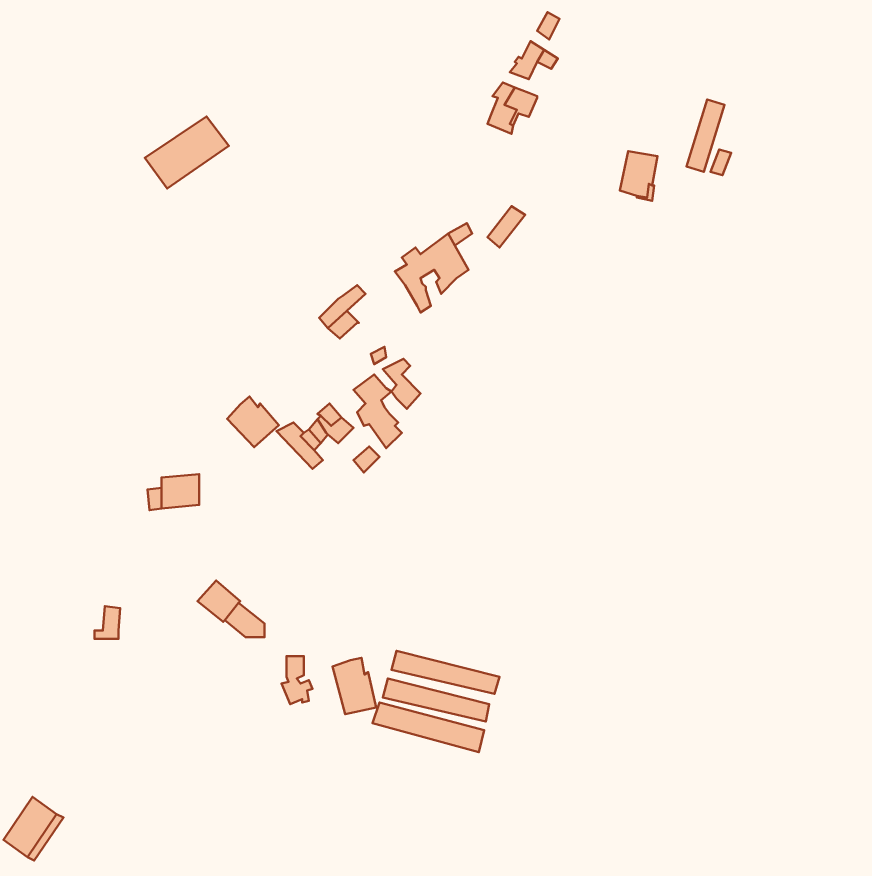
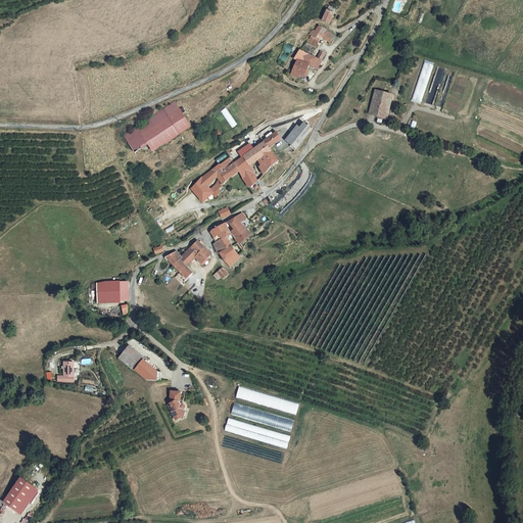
building: [145,117,229,189] -> [140,108,190,151]
building: none -> [212,157,241,186]
building: [227,396,279,447] -> none
building: [333,658,376,714] -> none

